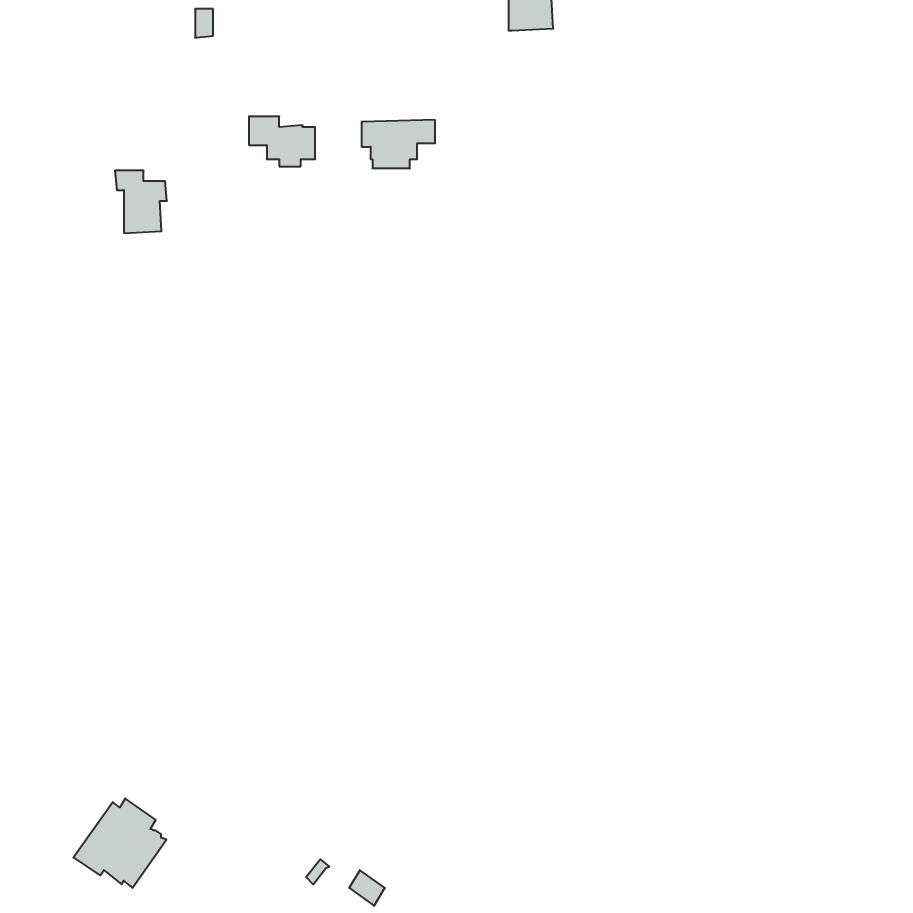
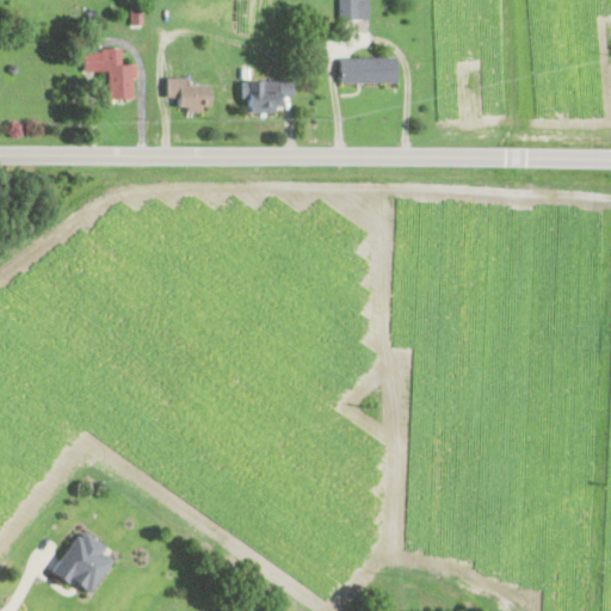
building: none -> [340,57,396,82]
building: [115,170,167,233] -> [103,57,137,99]

